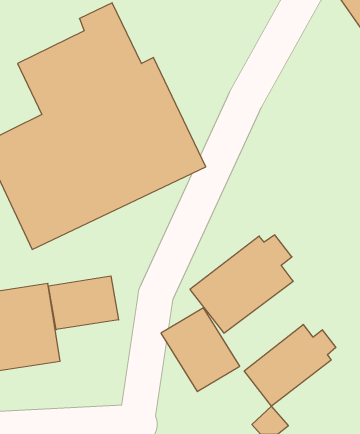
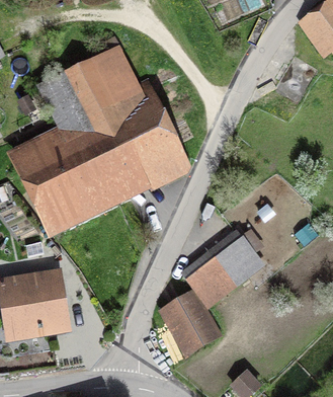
building: [48,276,119,330] -> none
building: [244,324,336,406] -> none

